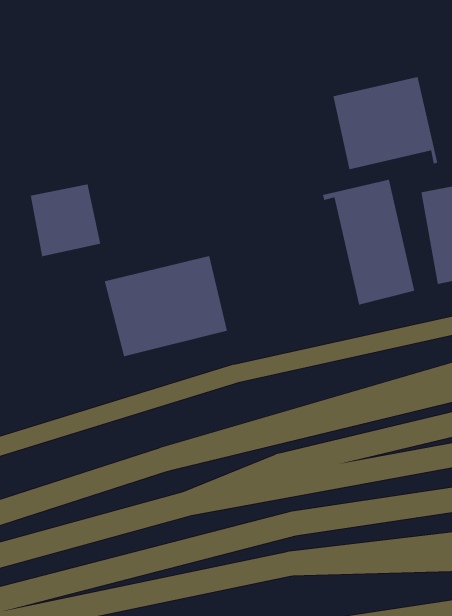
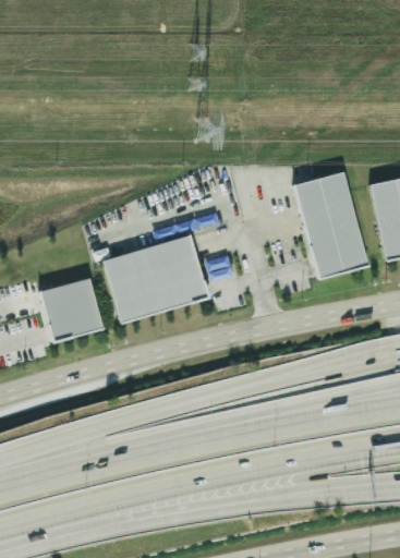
building: [333,76,438,170] -> none
building: [30,184,101,257] -> [43,279,102,341]

